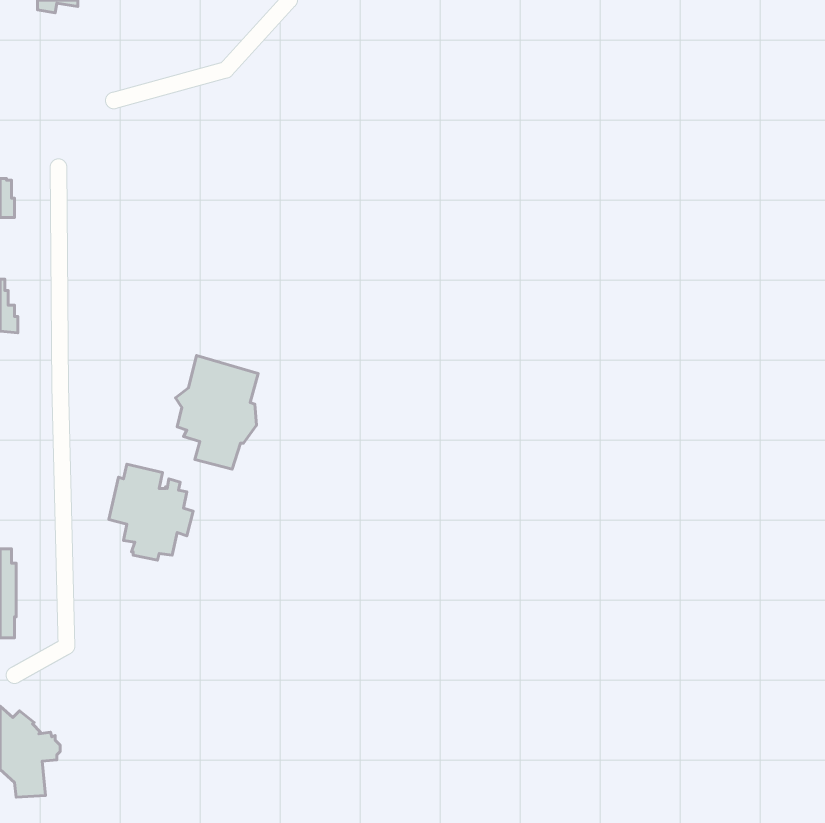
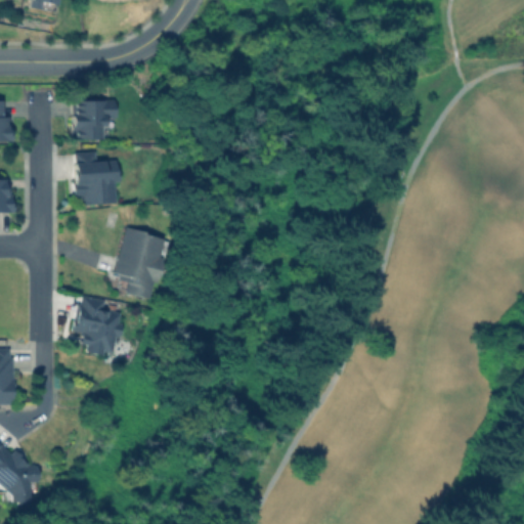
building: none -> [72,101,117,139]
building: none -> [74,152,121,206]

